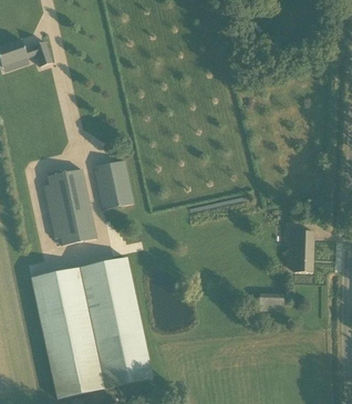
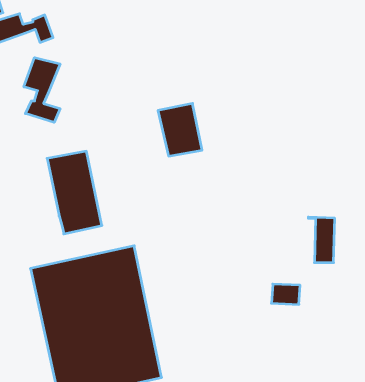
building: none -> [24,58,60,122]
building: [93,159,134,208] -> [158,103,202,156]

